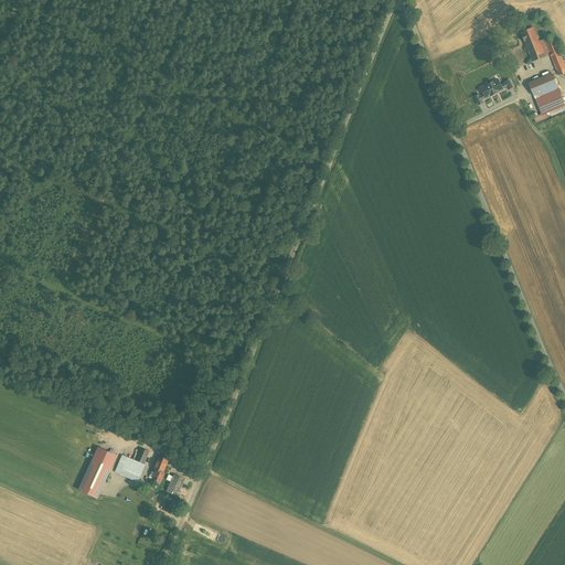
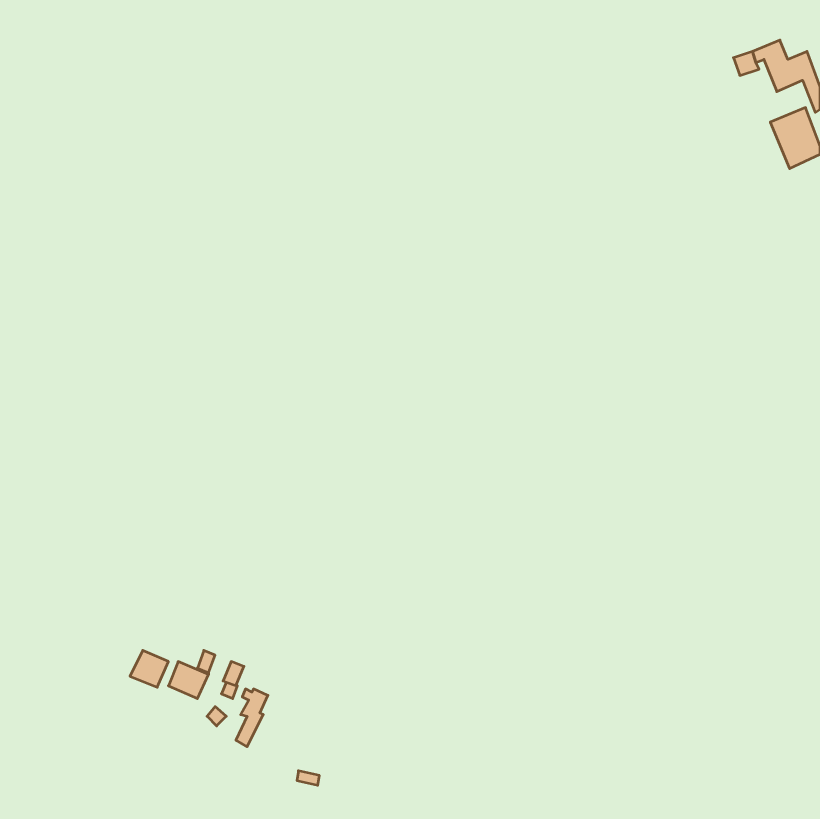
building: [78,465,108,498] -> none

